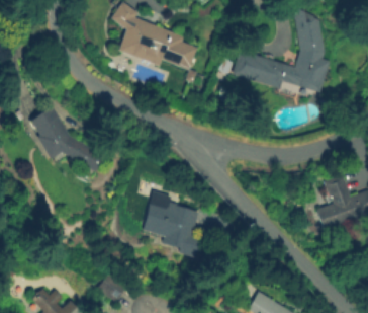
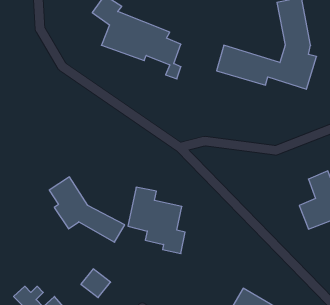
building: [31,107,106,172] -> [49,177,125,242]

